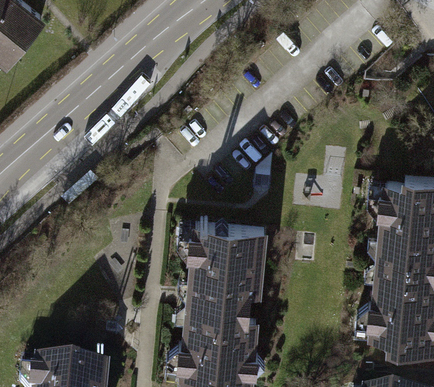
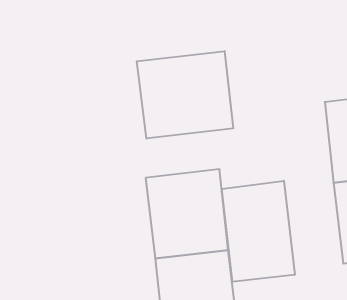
building: none -> [137,51,233,139]
building: none -> [222,181,295,282]

